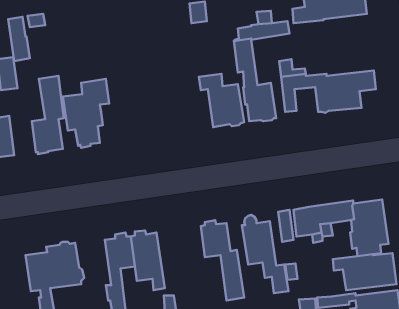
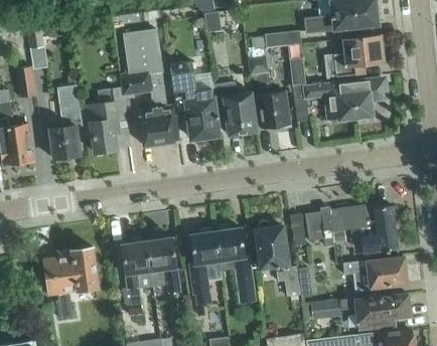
building: none -> [120,29,178,146]
building: none -> [324,35,382,77]
building: none -> [169,61,217,139]
building: none -> [188,228,222,305]

